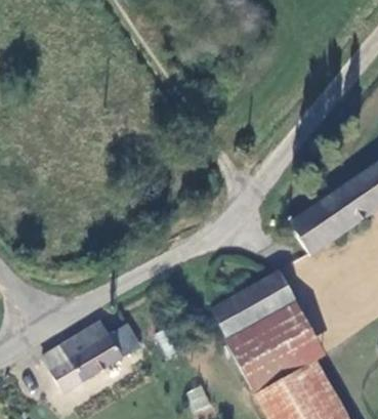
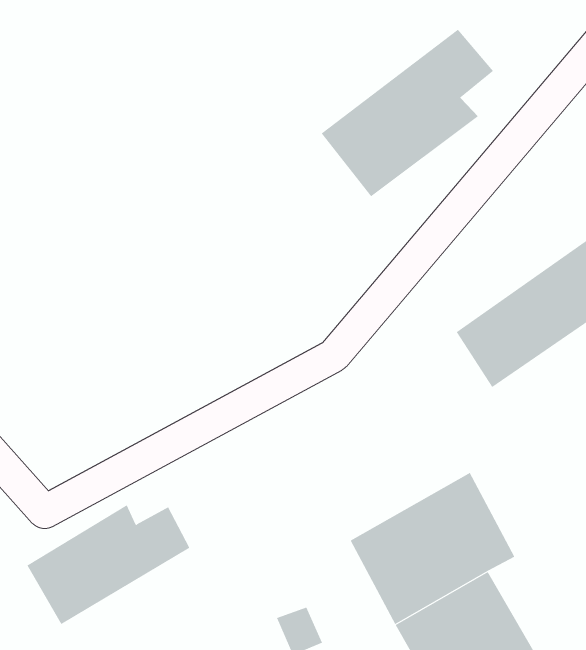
building: none -> [321,29,494,197]
building: [211,271,298,342] -> none

